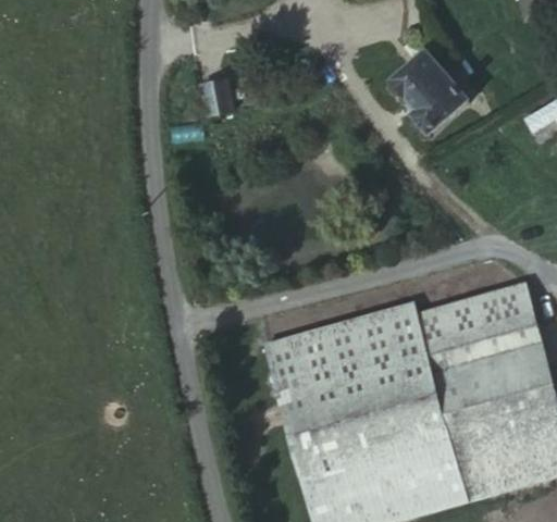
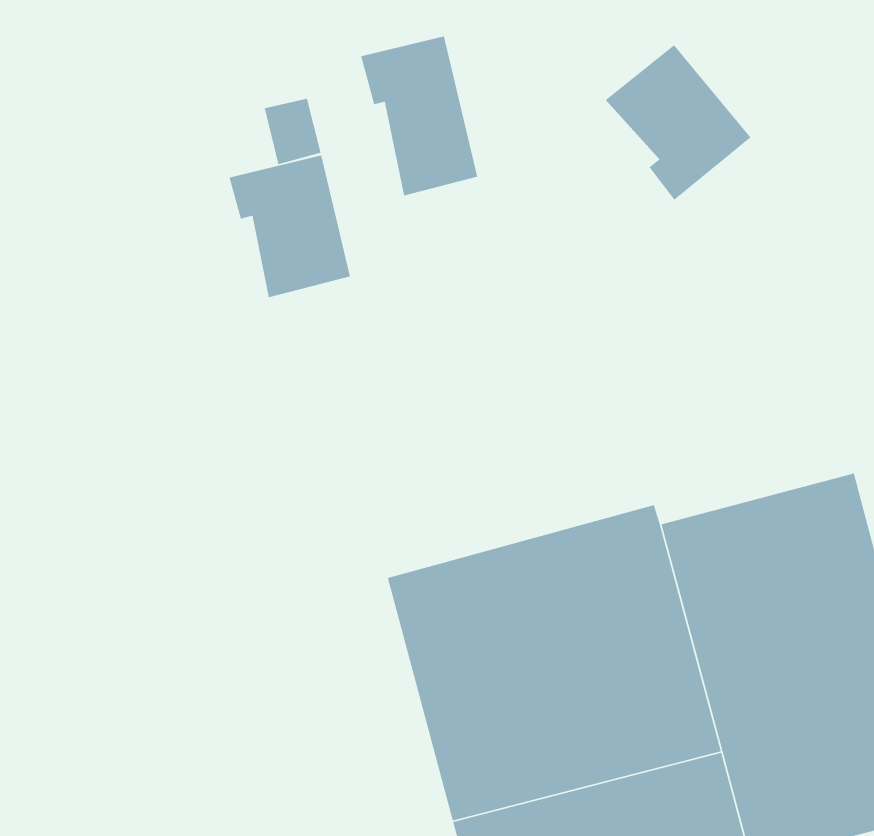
building: none -> [360,35,478,197]
building: none -> [229,155,351,298]

